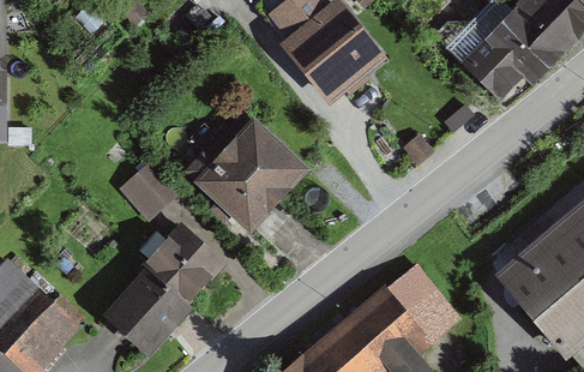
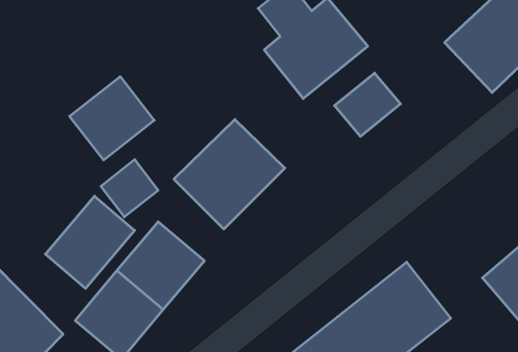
building: none -> [334,73,401,136]
building: none -> [70,77,154,160]
building: none -> [45,196,135,288]

